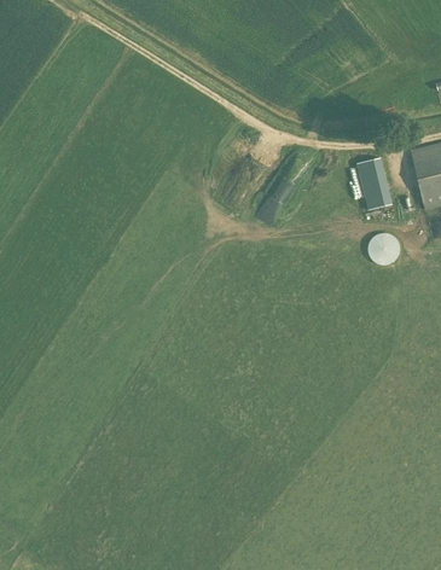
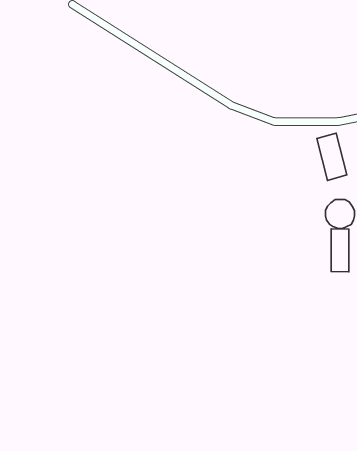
building: none -> [331,229,349,272]

